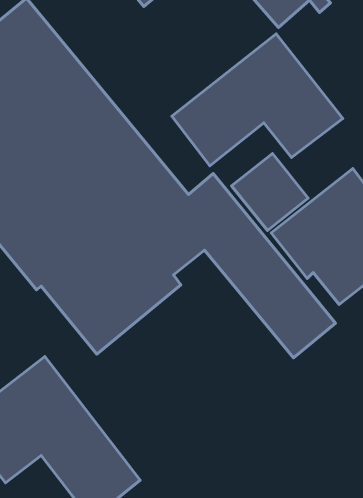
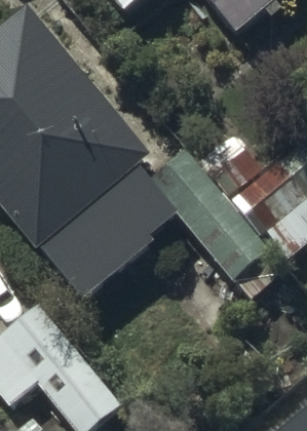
building: [172,34,343,166] -> none

